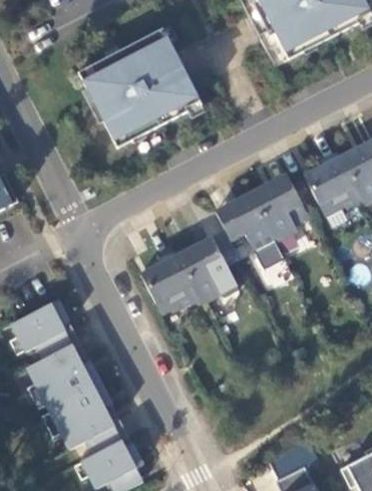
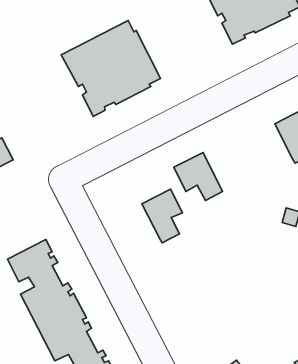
building: [304,154,362,216] -> none
building: [252,175,302,241] -> none
building: [140,252,199,314] -> none

